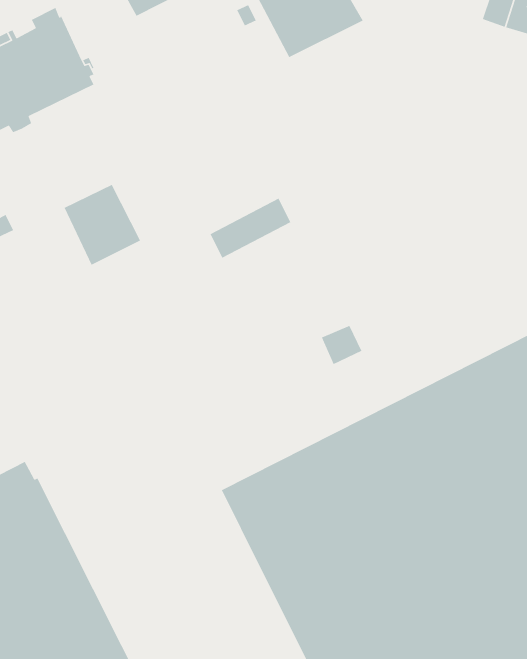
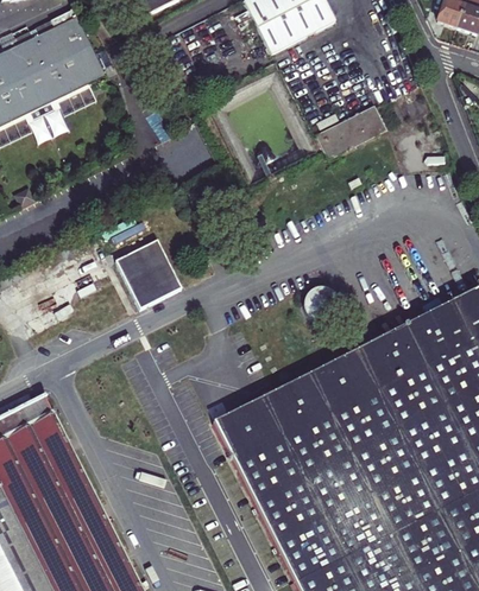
building: [63,184,141,266] -> [115,239,182,309]
building: [209,198,291,259] -> [315,106,385,158]

